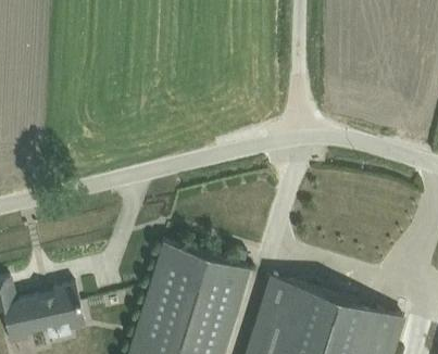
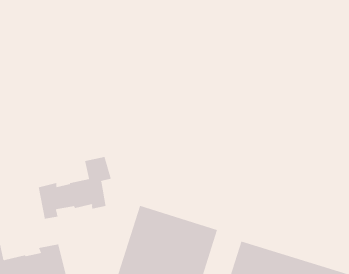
building: none -> [38,156,111,220]

